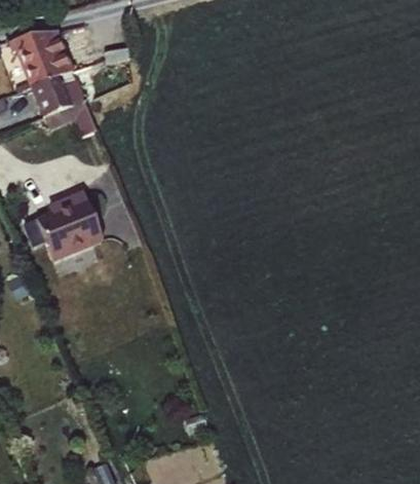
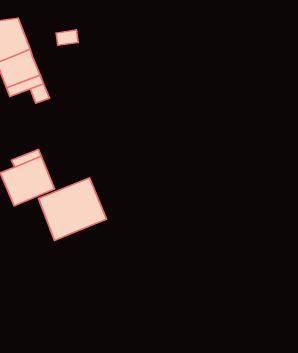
building: none -> [38,178,107,241]

